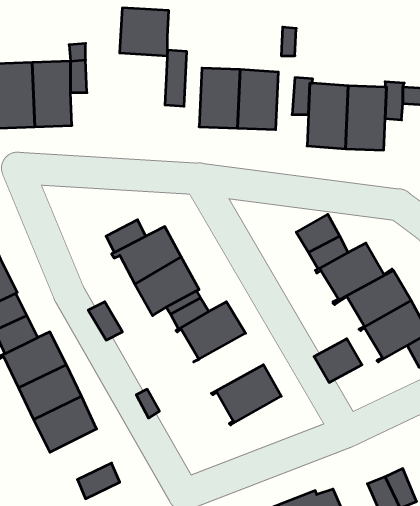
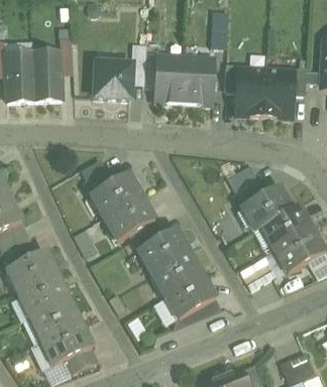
building: [120,8,169,56] -> [95,62,131,98]
building: none -> [151,252,203,296]
building: none -> [41,322,92,366]

